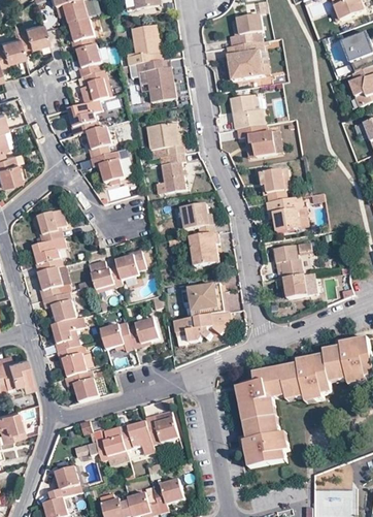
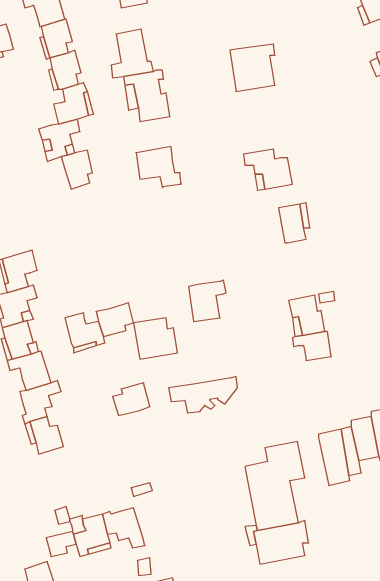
building: [229,11,261,42] -> none
building: [230,96,265,130] -> none
building: [89,151,124,182] -> none
building: [161,154,185,193] -> none
building: [272,197,303,232] -> none
building: [181,203,216,236] -> none
building: [190,285,226,319] -> [134,318,177,359]
building: [100,321,134,351] -> none
building: [280,363,305,400] -> none
building: [64,369,98,401] -> none
building: [144,410,178,445] -> none

